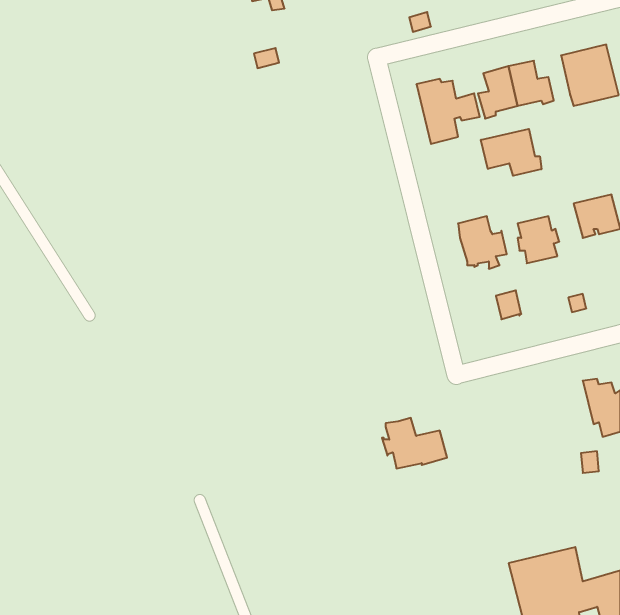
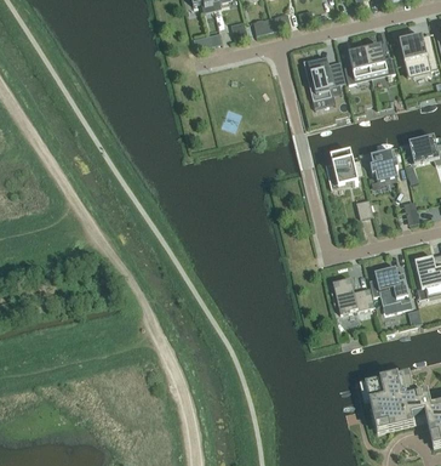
building: [481,129,541,176] -> none
building: none -> [374,266,411,303]
building: [382,418,447,468] -> [331,278,374,312]

